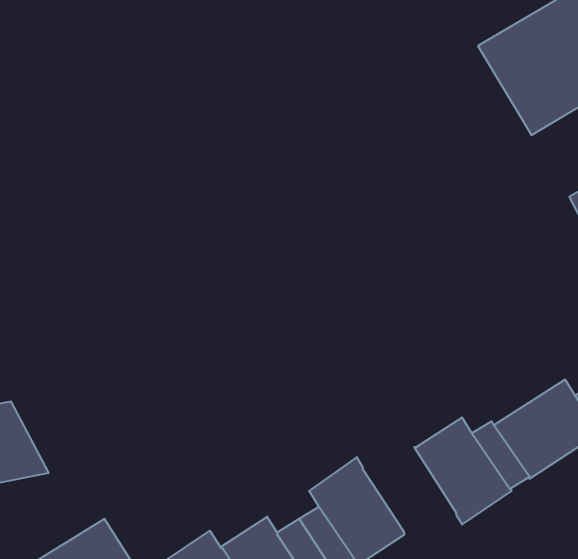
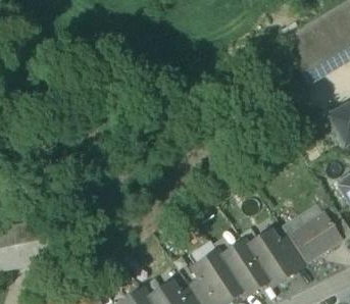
building: none -> [220,241,268,296]

